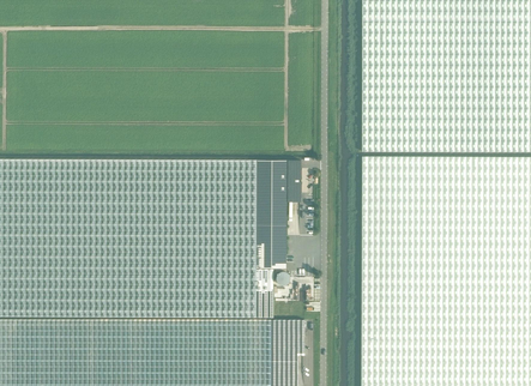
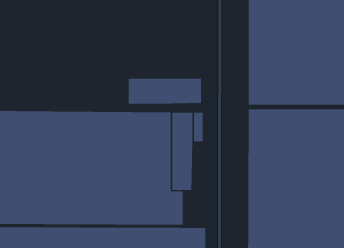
building: none -> [128,78,201,105]

